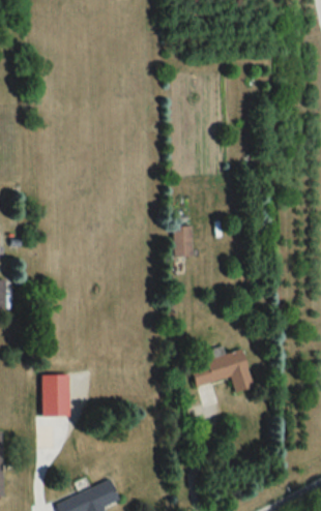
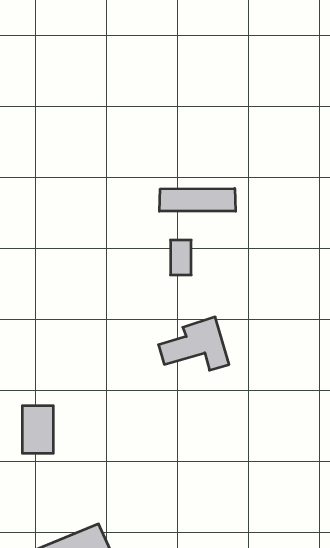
building: none -> [159,188,236,211]
building: [191,345,254,393] -> [158,317,229,370]

